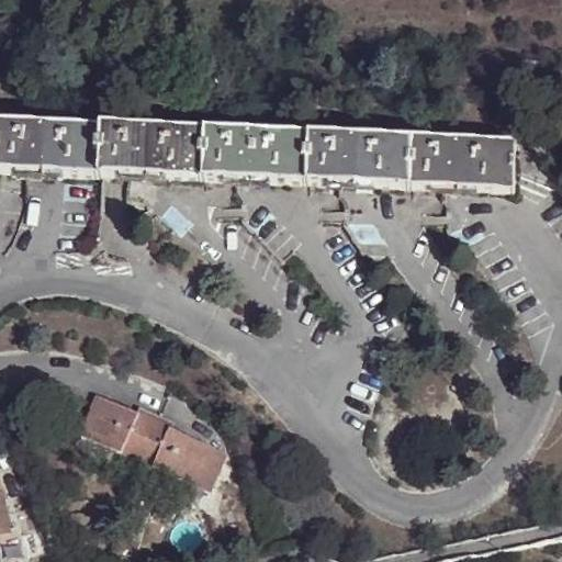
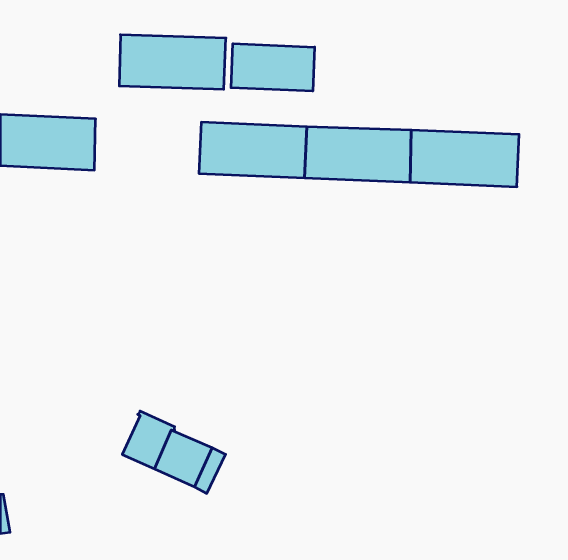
building: none -> [231,44,315,91]
building: [93,117,199,171] -> [119,35,226,89]
building: [81,393,138,449] -> none

